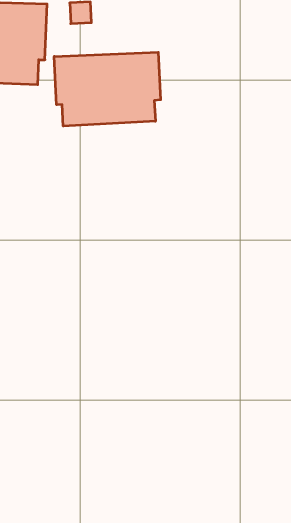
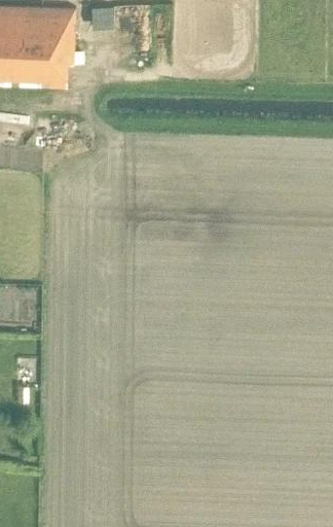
building: [54,52,161,126] -> none

